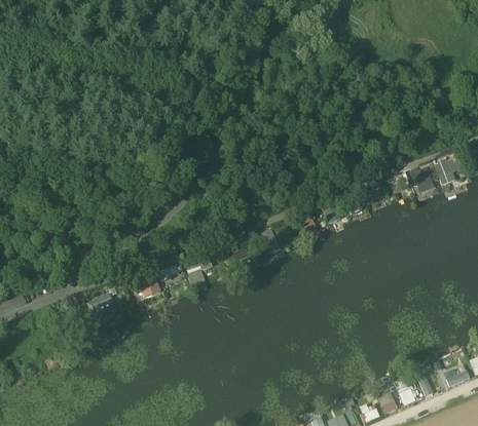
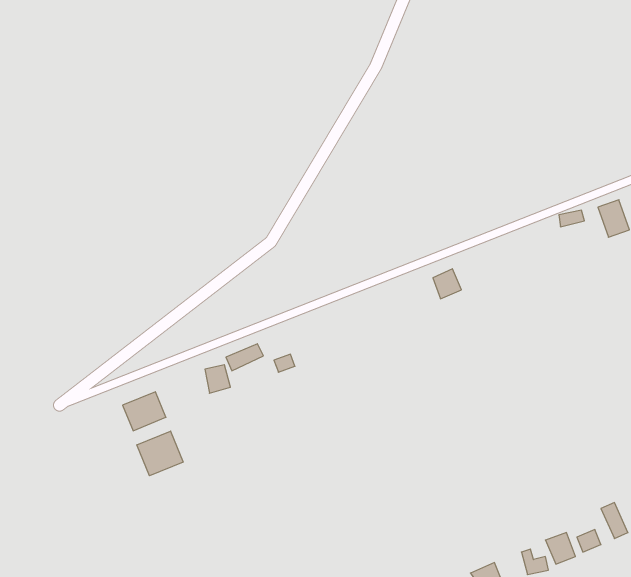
building: none -> [137,431,183,476]

